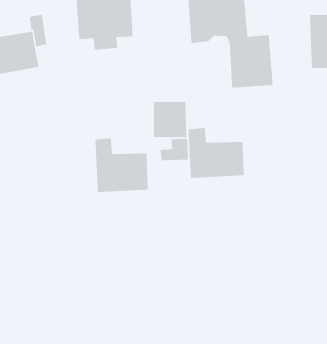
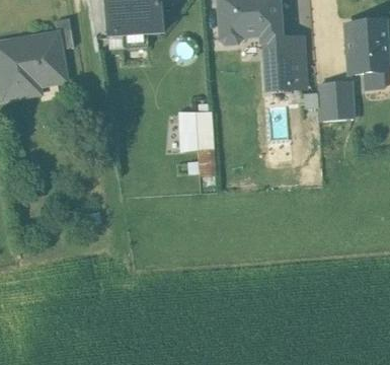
building: none -> [316,79,353,118]
building: [188,127,245,179] -> none
building: [94,138,149,193] -> none

